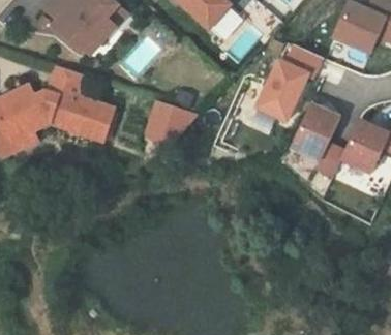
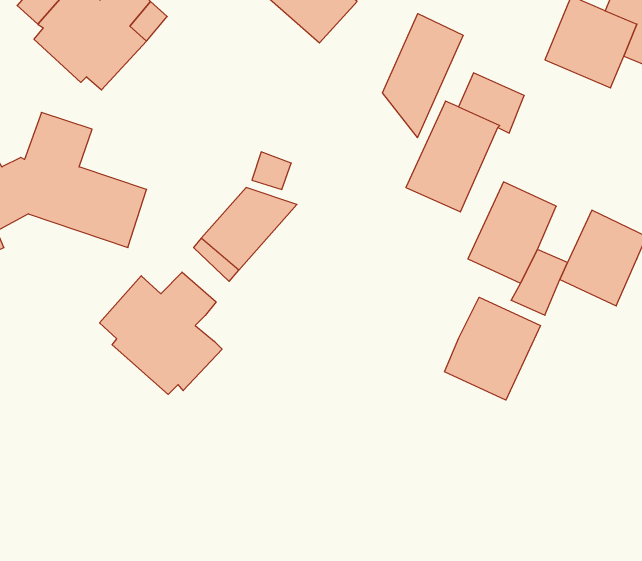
building: none -> [383,14,463,138]
building: none -> [100,272,222,394]
building: none -> [445,297,540,400]

